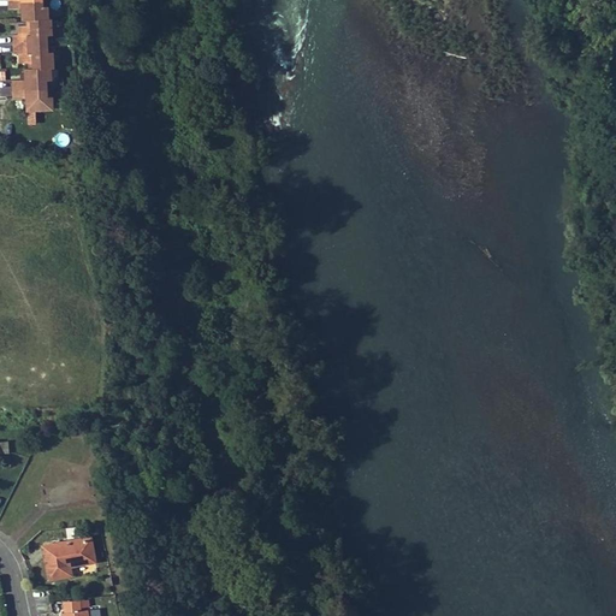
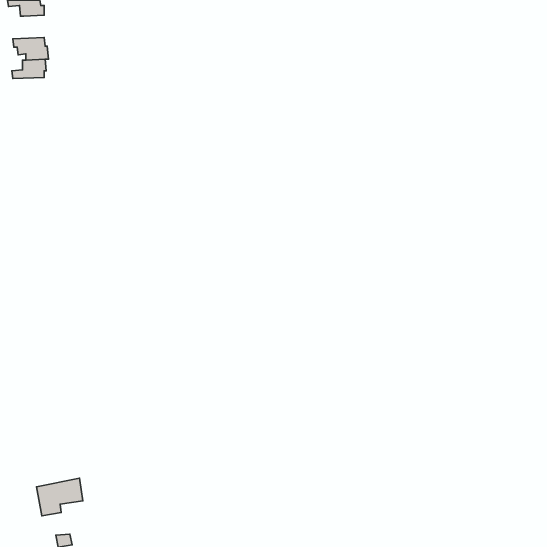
building: [14,19,52,46] -> none
building: [14,89,54,112] -> none

